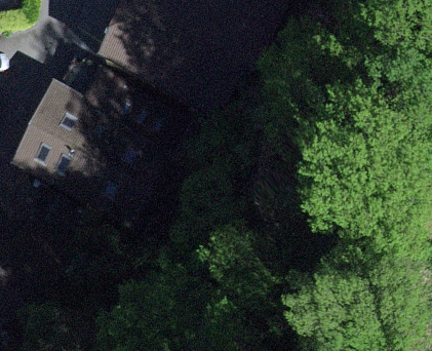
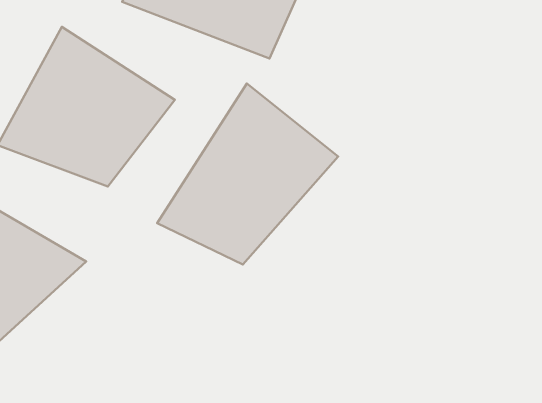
building: none -> [157,83,338,264]

